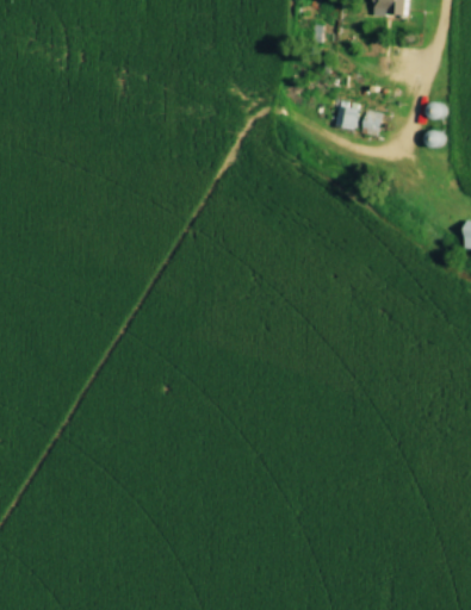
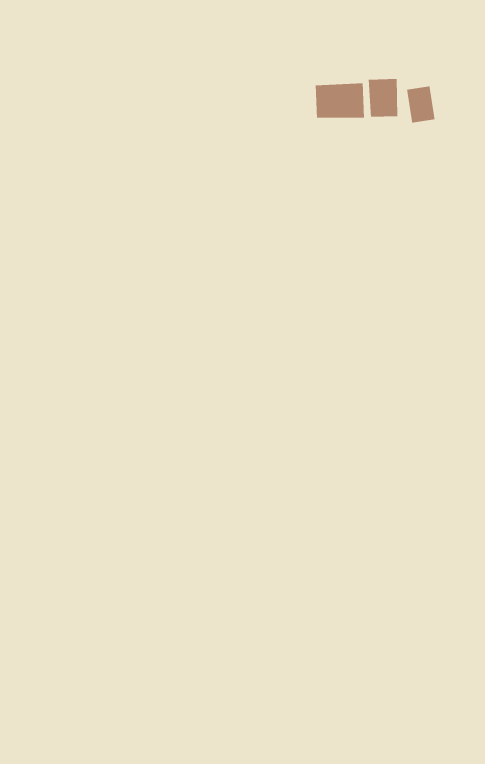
building: none -> [315,82,365,119]

